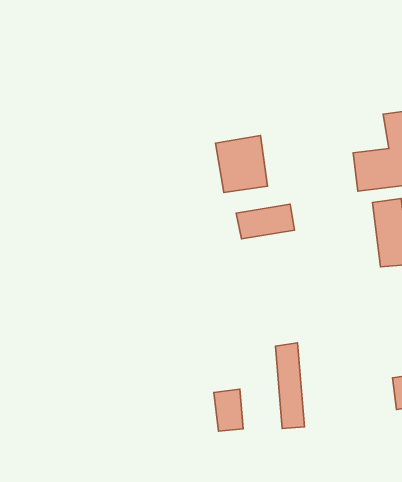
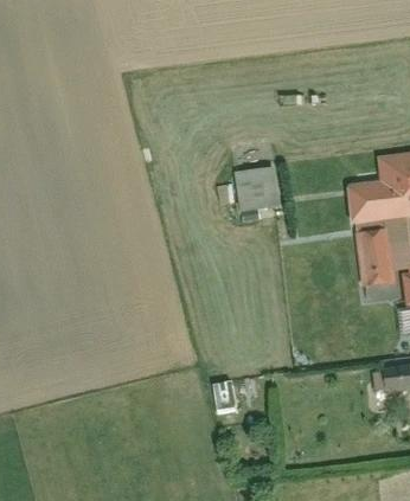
building: [236,204,294,239] -> none
building: [275,343,304,428] -> none

